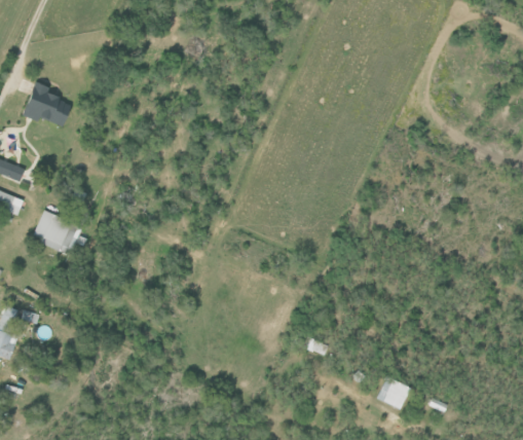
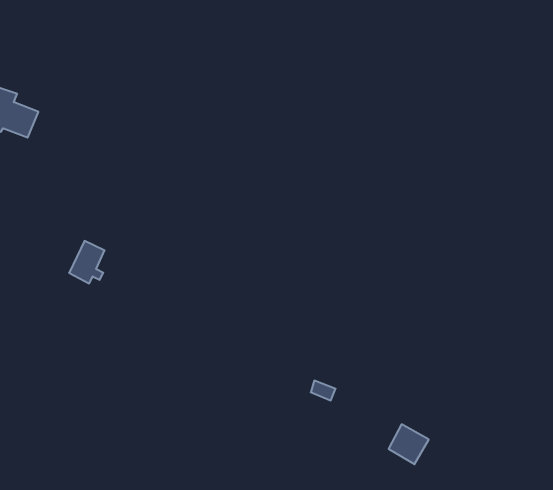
building: [42,215,73,252] -> [69,241,105,283]

